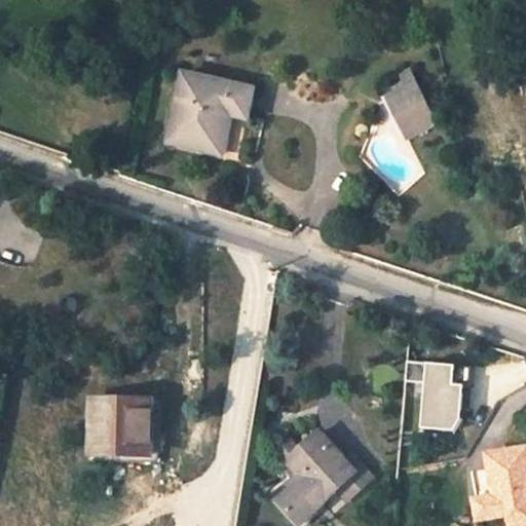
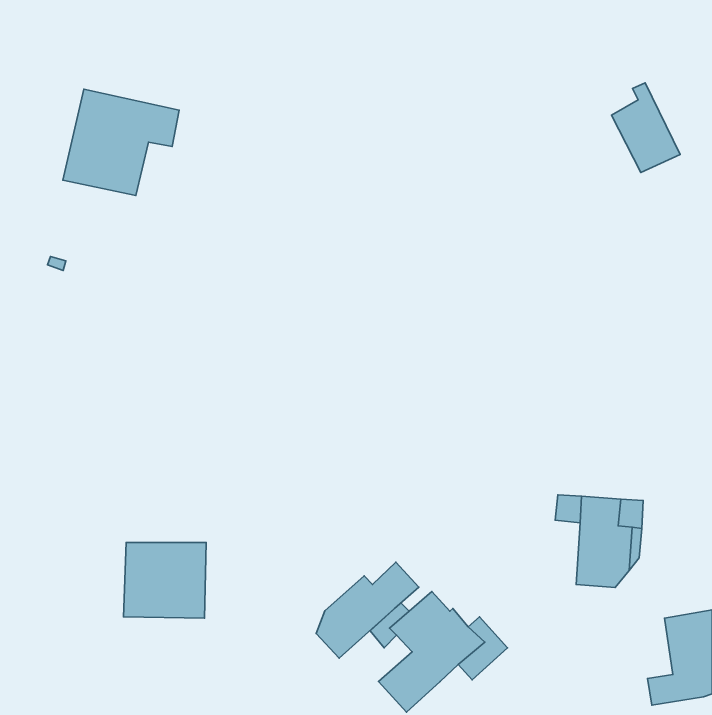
building: [383,71,434,137] -> [611,83,680,173]
building: [165,74,251,152] -> [63,89,179,196]
building: none -> [316,562,419,658]

